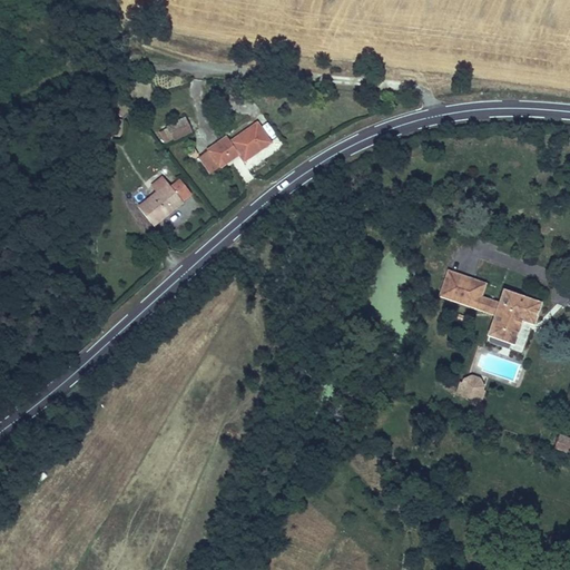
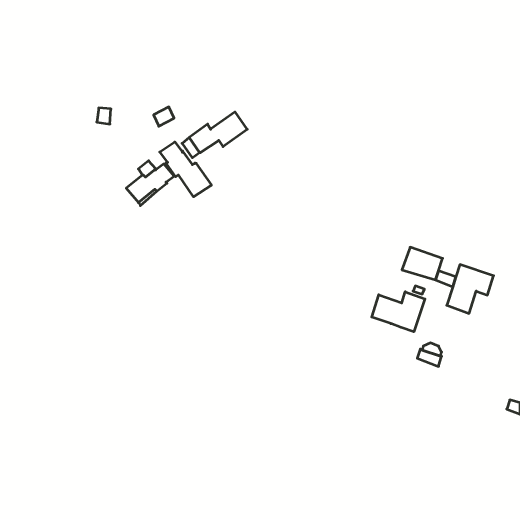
building: none -> [160,142,211,197]
building: none -> [372,292,425,332]

